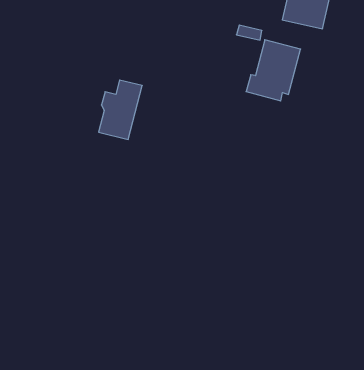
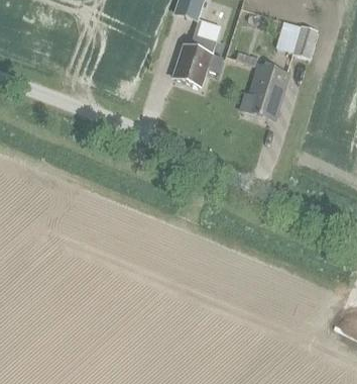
building: [99,80,142,139] -> [175,34,216,86]

